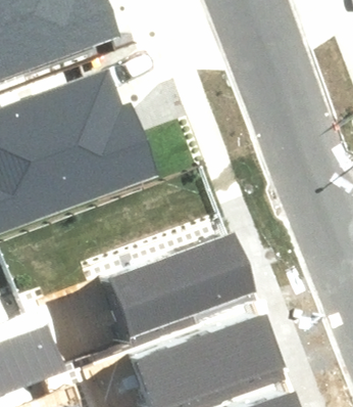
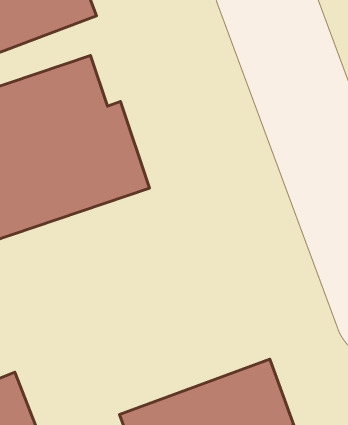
building: [106,242,254,346] -> none

